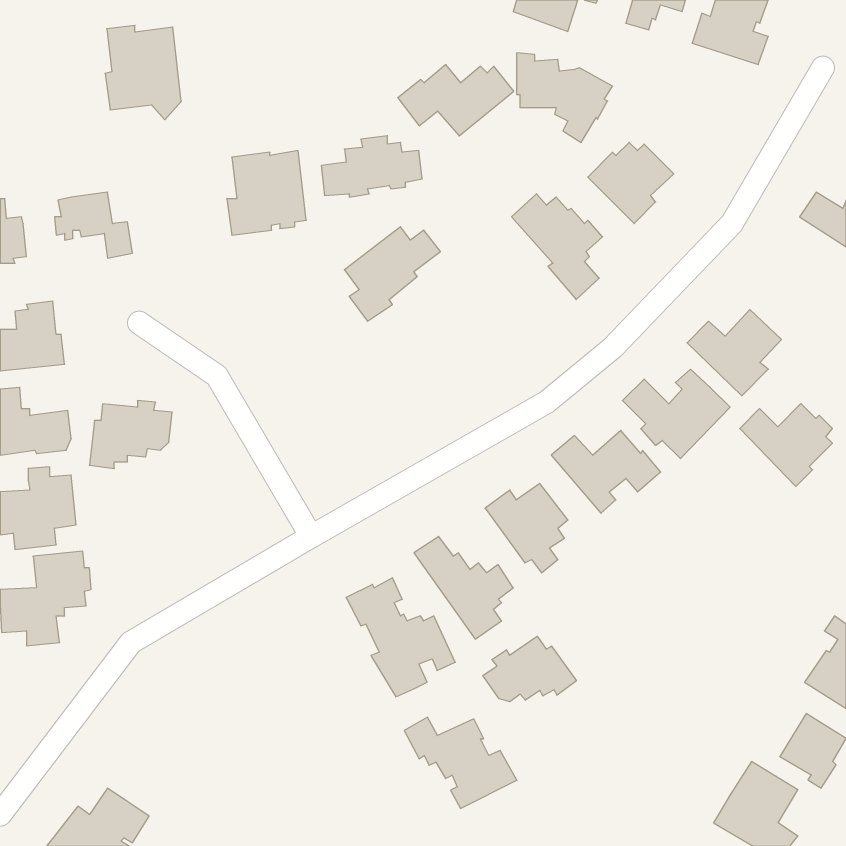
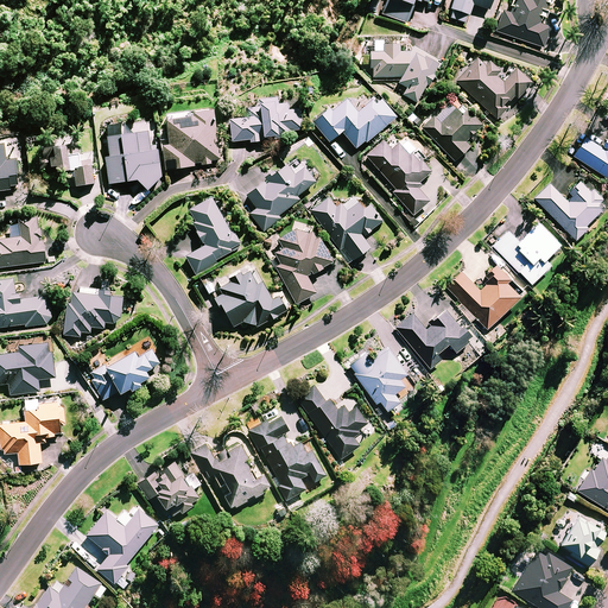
building: [105,25,181,120] -> [106,121,160,189]
building: [398,65,514,136] -> [314,97,397,148]
building: none -> [456,56,532,119]
building: none -> [186,196,243,274]
building: none -> [311,196,382,260]
building: none -> [276,226,331,303]
building: none -> [214,267,287,327]
building: [740,404,832,486] -> [536,180,602,240]
building: none -> [89,348,160,399]
building: [483,636,576,702] -> none
building: none -> [141,460,202,518]
building: none -> [87,507,159,585]
building: [404,717,517,808] -> [191,442,272,507]

